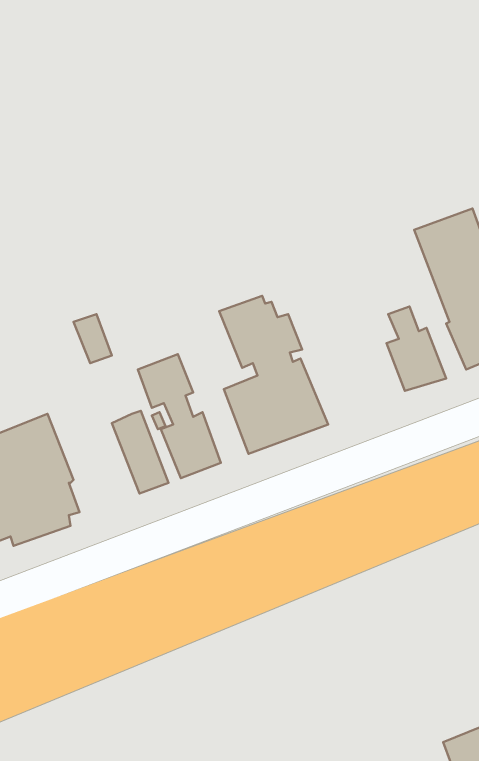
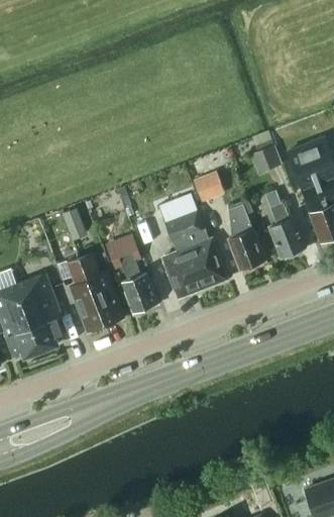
building: none -> [249,144,281,172]
building: none -> [193,171,224,201]
building: none -> [226,213,265,271]
building: none -> [65,251,105,332]

